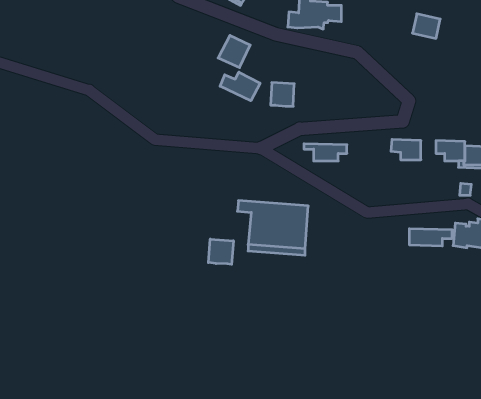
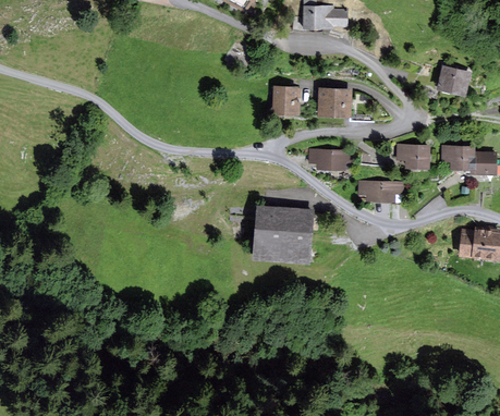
building: [412,14,440,38] -> [440,66,468,91]
building: [220,72,260,101] -> none
building: none -> [320,89,350,113]
building: [409,229,452,246] -> [359,181,403,198]
building: [208,239,233,264] -> none

